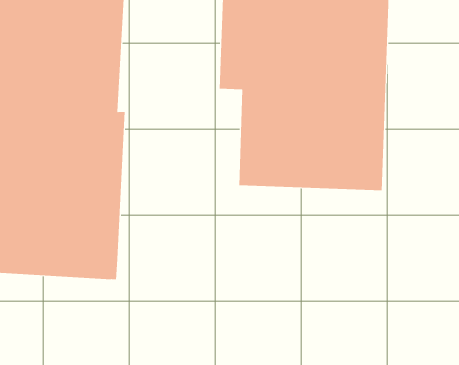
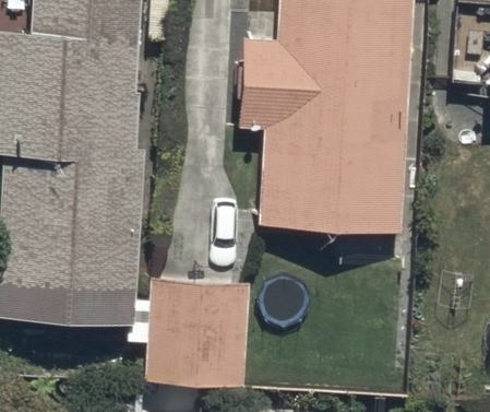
building: none -> [129,284,251,389]

